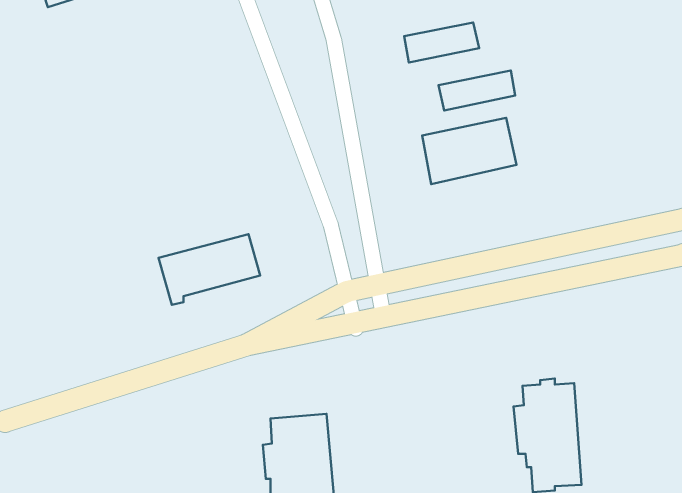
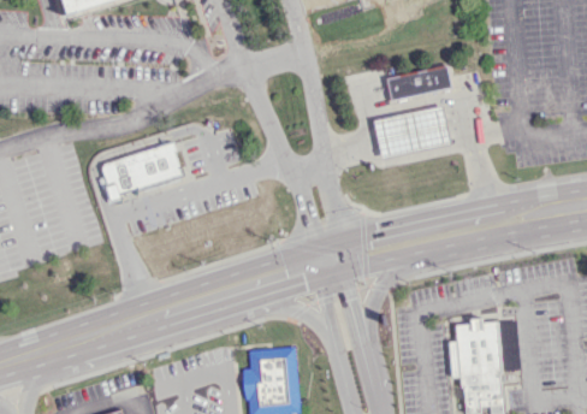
building: [404,22,479,62] -> none
building: [159,234,260,305] -> [99,143,182,201]

